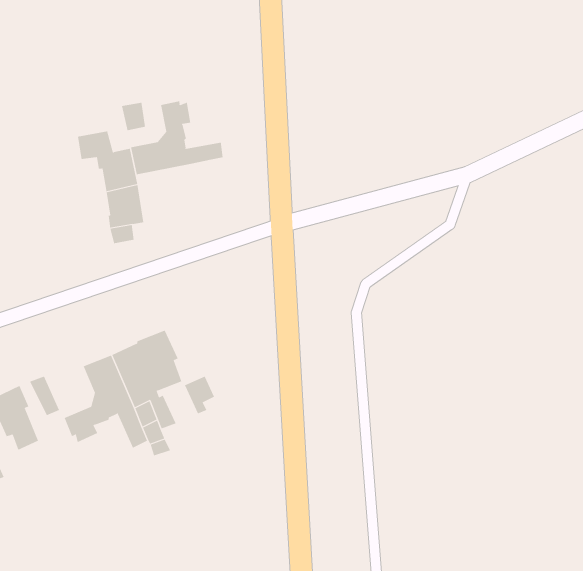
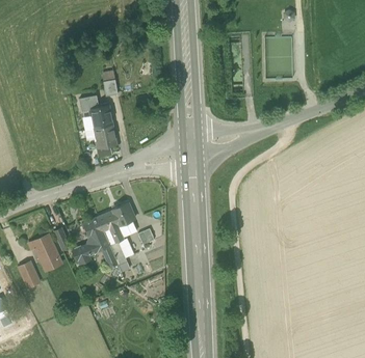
building: [130,100,223,175] -> none

